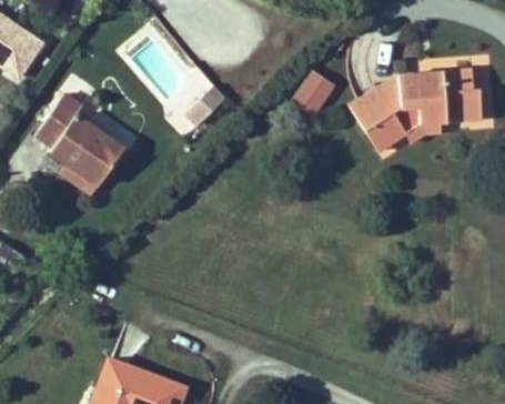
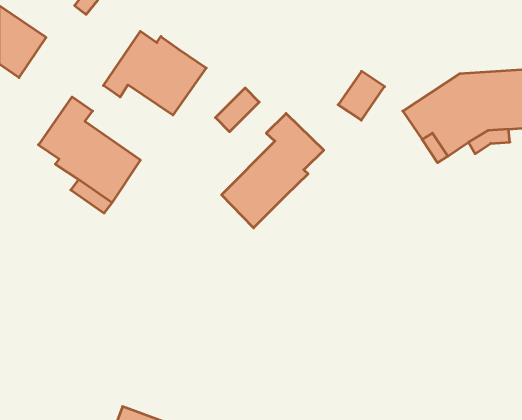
building: none -> [103,31,206,115]
building: none -> [222,113,324,228]

